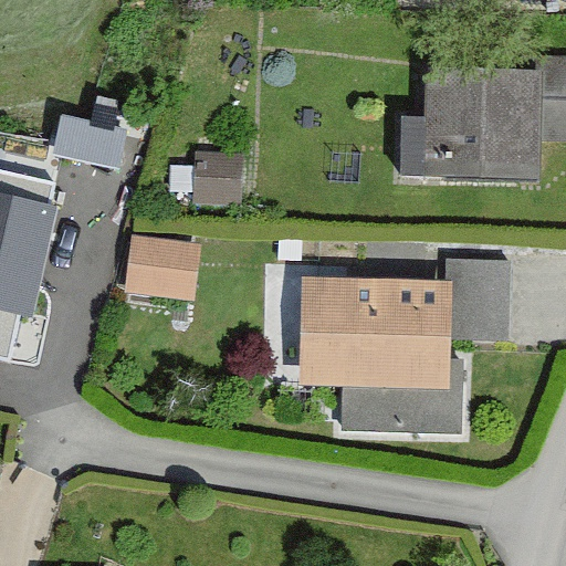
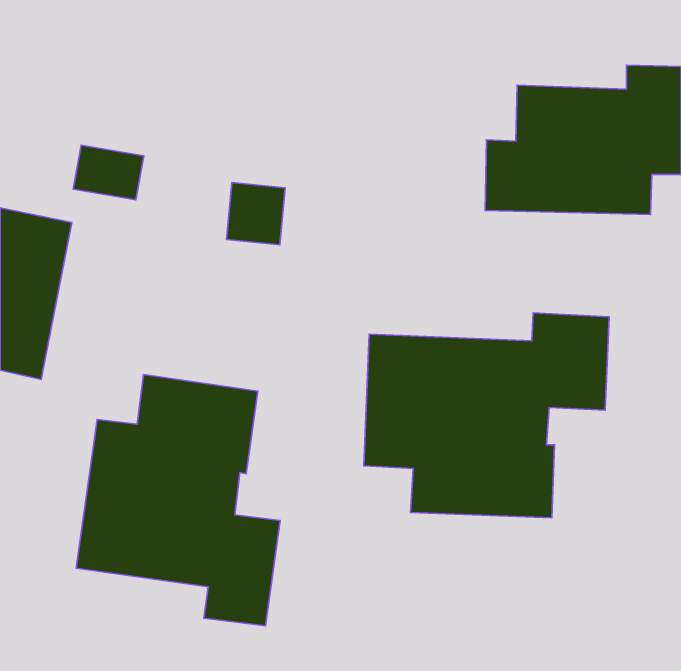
building: [124,234,202,302] -> none
building: none -> [76,374,280,626]

